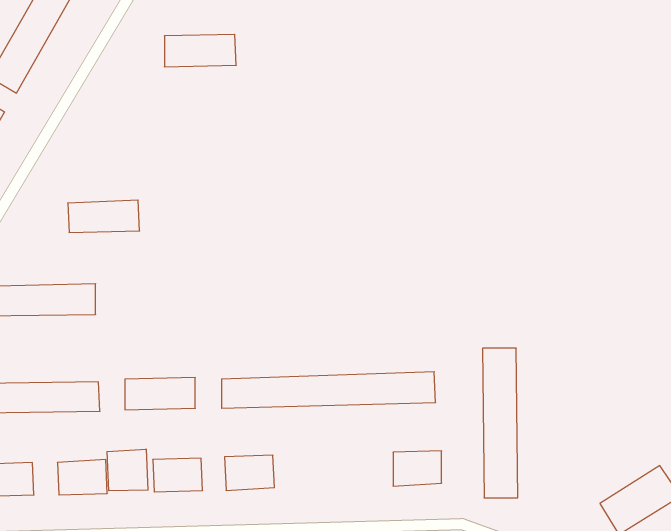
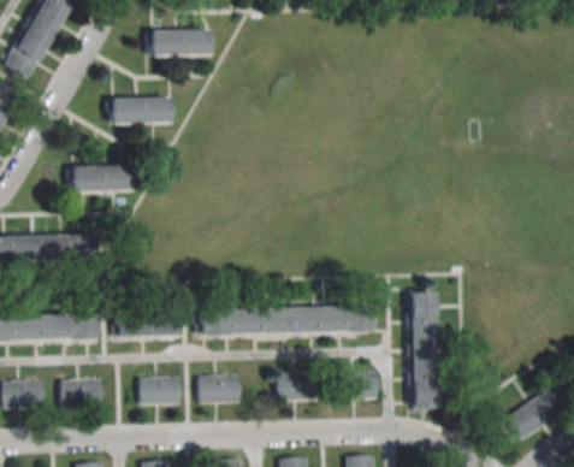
building: none -> [108,99,167,125]
building: [107,449,148,491] -> none
building: none -> [277,373,318,402]

